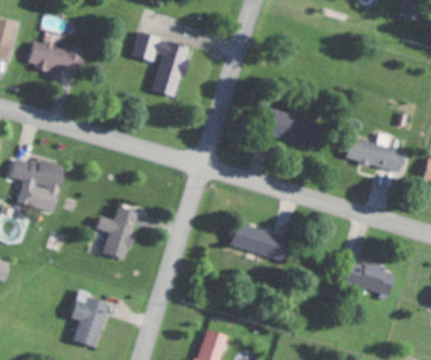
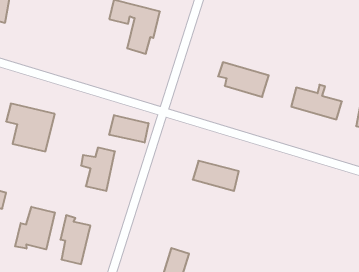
building: [27,40,86,77] -> none
building: none -> [109,115,148,143]
building: [347,259,394,297] -> none
building: none -> [15,207,55,249]

